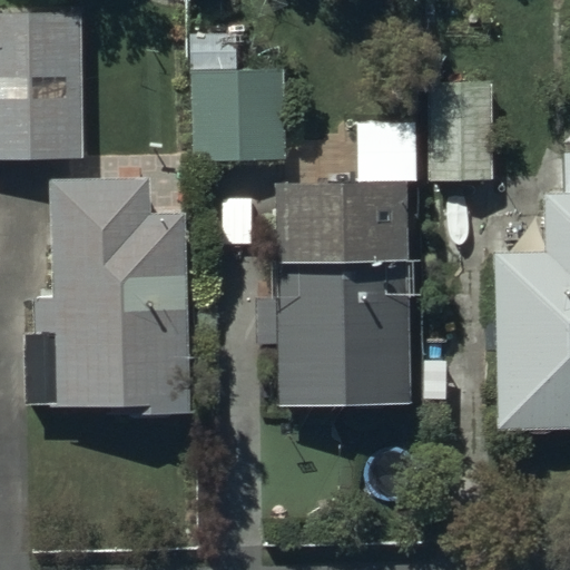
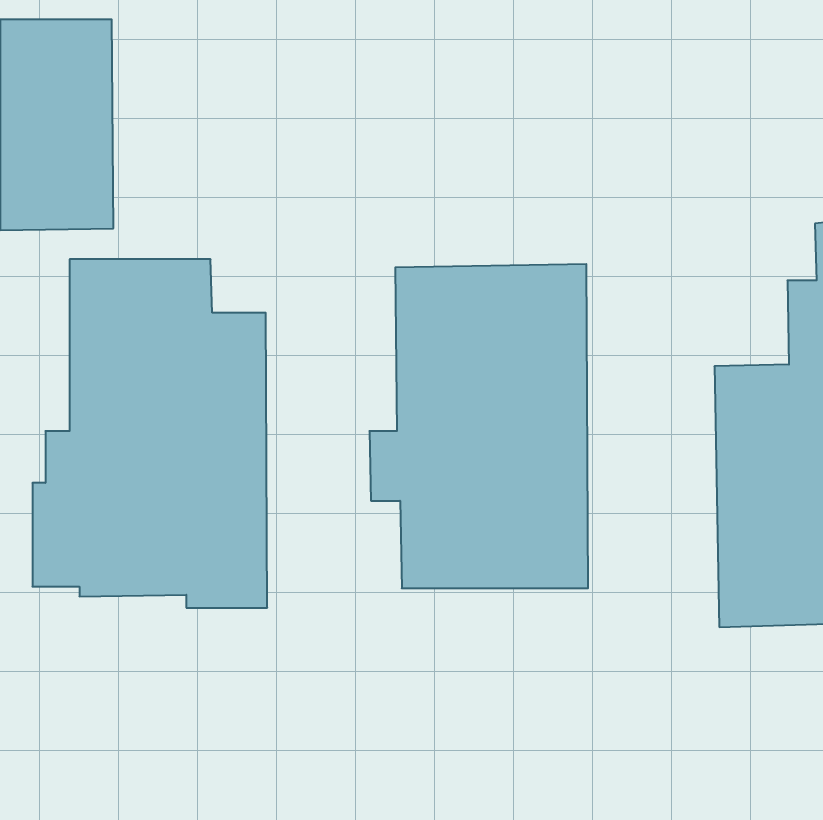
building: [194,32,283,160] -> none
building: [431,63,493,179] -> none

